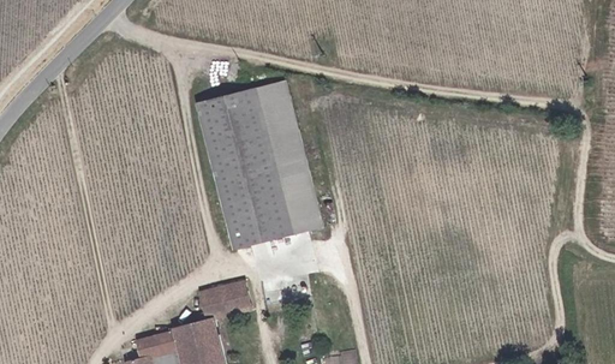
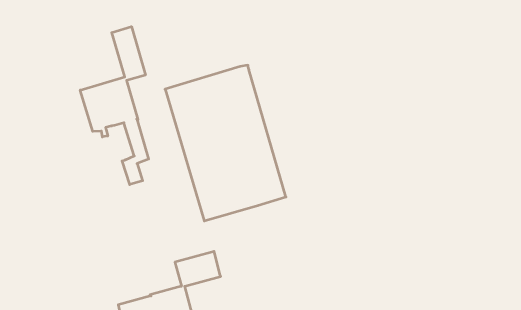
building: none -> [80,27,149,185]

